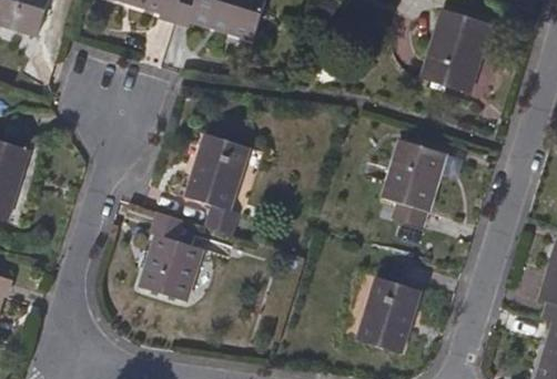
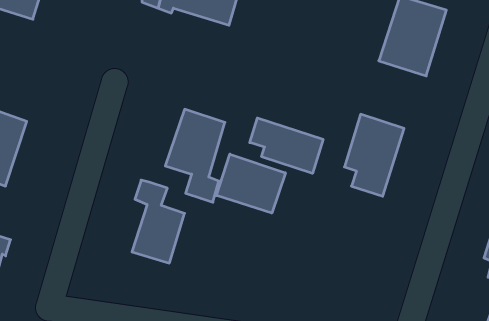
building: none -> [250,118,323,173]
building: none -> [216,154,285,213]
building: [358,275,424,355] -> none

